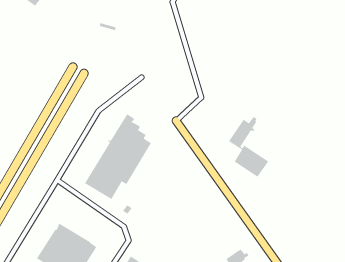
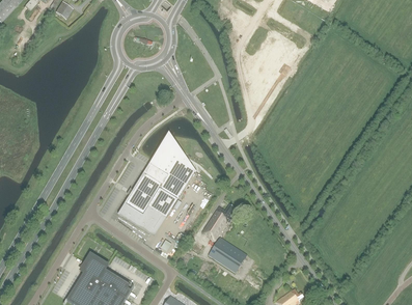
building: [228,116,269,177] -> [201,203,247,272]

